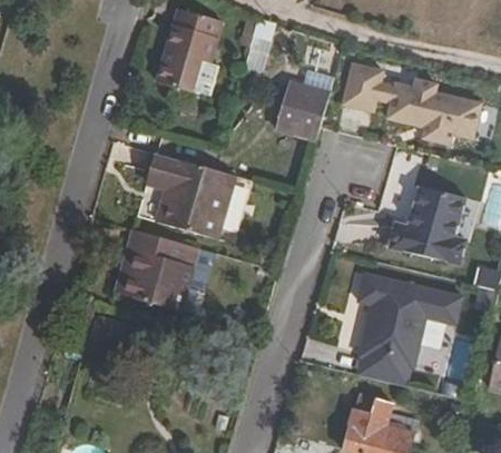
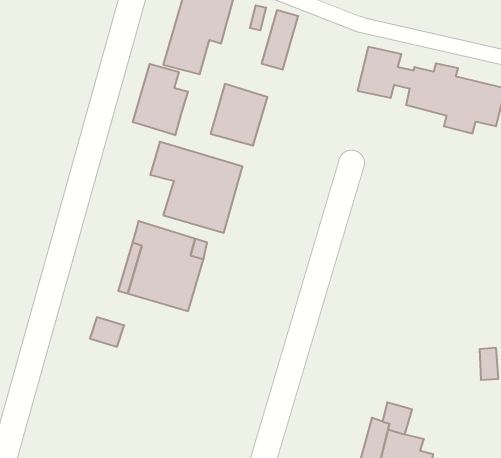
building: none -> [133,64,188,135]
building: [273,86,326,144] -> [211,84,267,146]
building: [387,186,463,264] -> none
building: [357,283,464,381] -> none

